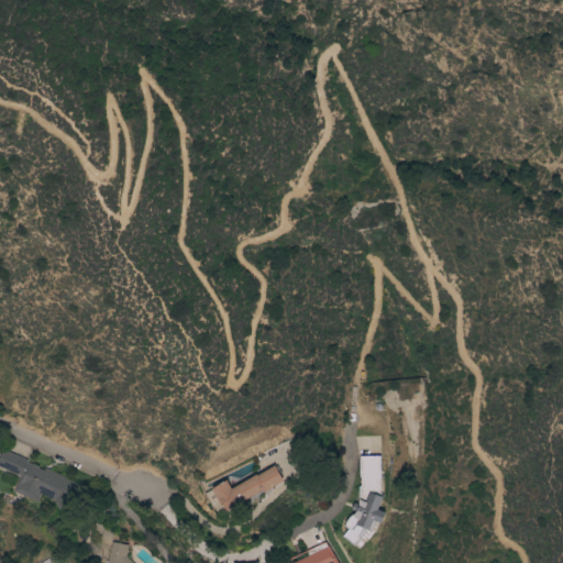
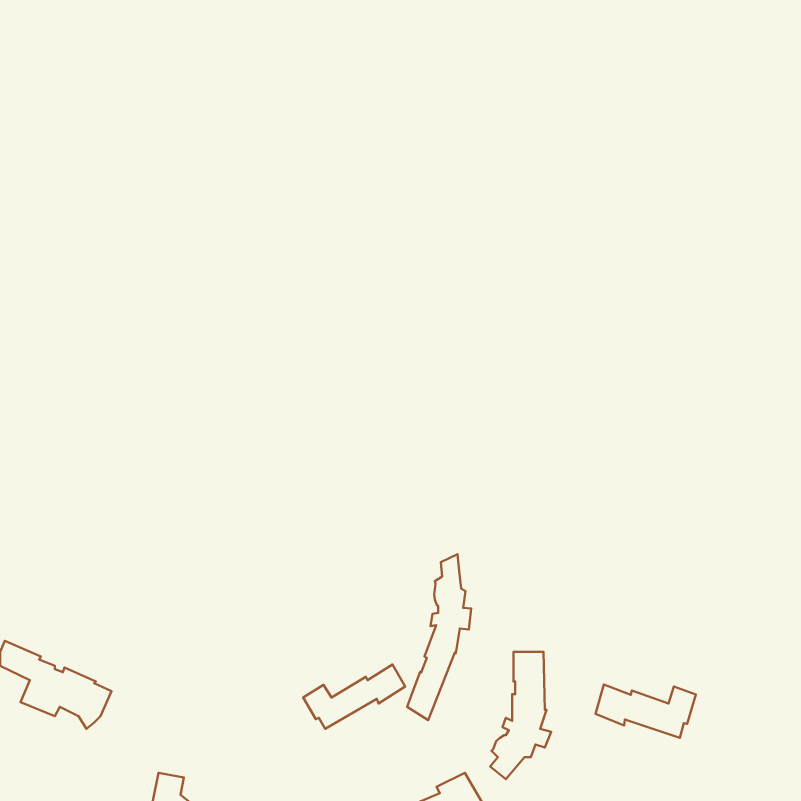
building: none -> [407,554,471,720]
building: none -> [595,684,696,738]

